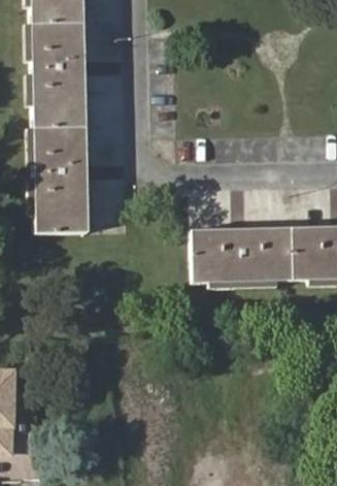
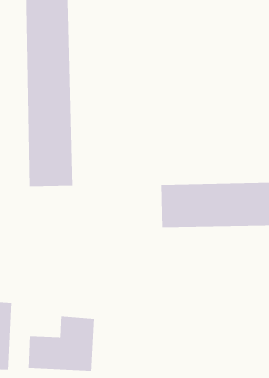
building: none -> [28,316,95,372]

